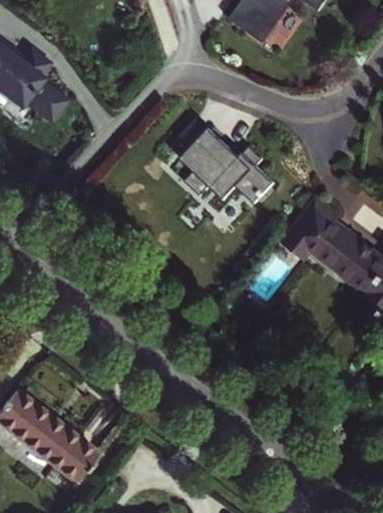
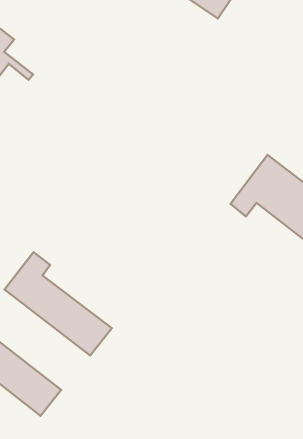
building: [180,126,278,206] -> none
building: none -> [4,252,112,355]

